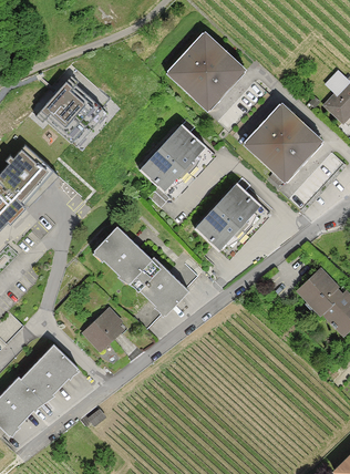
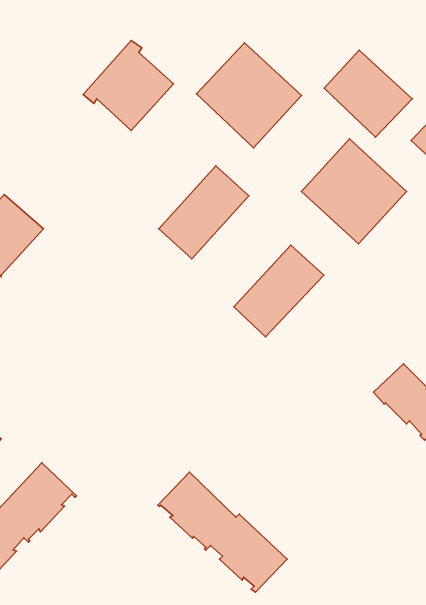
building: none -> [324,50,412,137]
building: [35,76,102,143] -> [83,40,173,130]
building: [94,226,189,315] -> [158,472,287,592]
building: [84,309,122,350] -> none

